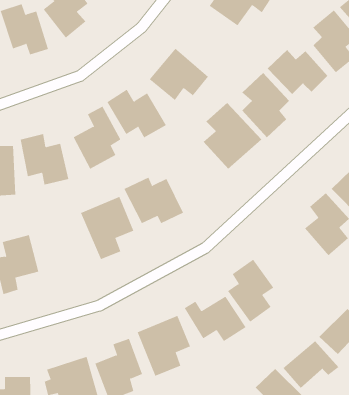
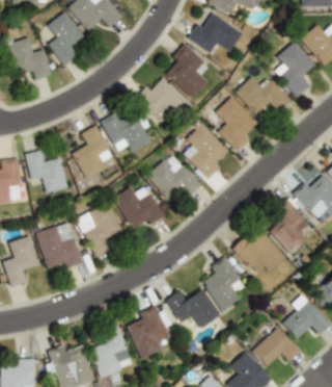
building: none -> [168,43,210,99]
building: none -> [148,157,202,200]
building: none -> [37,223,85,270]
building: none -> [229,231,286,276]

